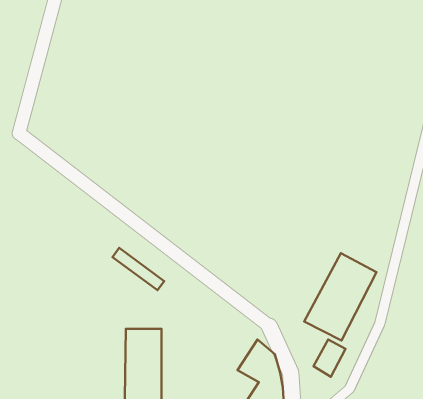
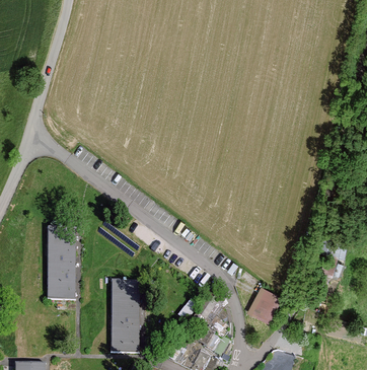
building: [304,253,377,341] -> none
building: none -> [47,227,75,297]

